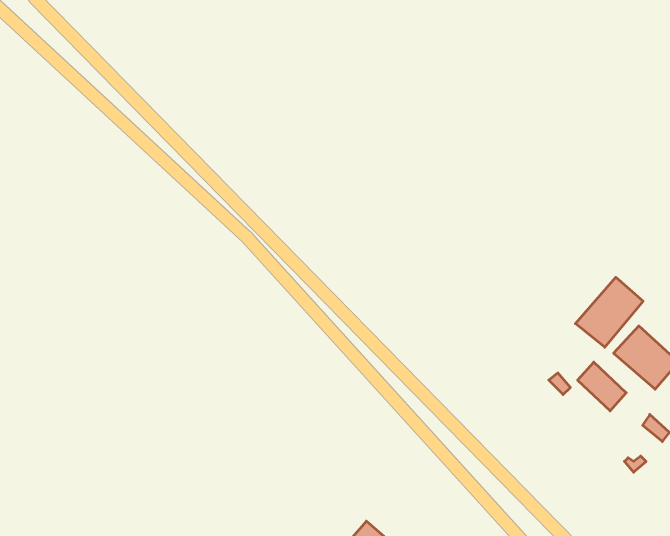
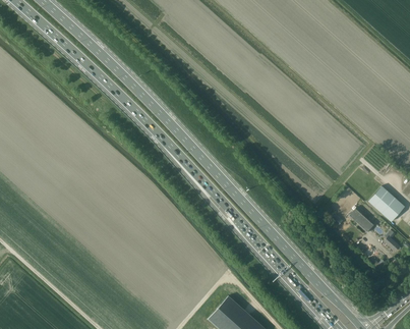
building: [575,277,643,347] -> none

